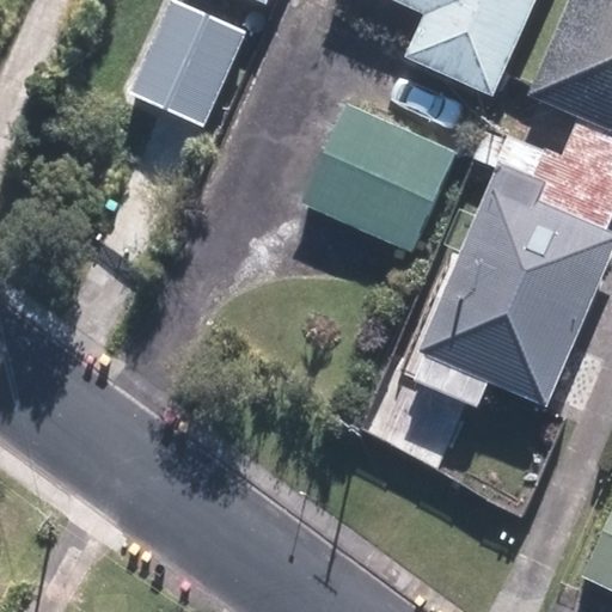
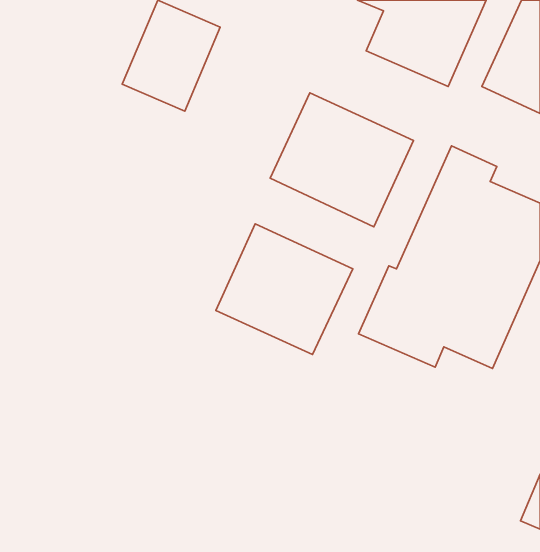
building: none -> [216,224,353,355]

